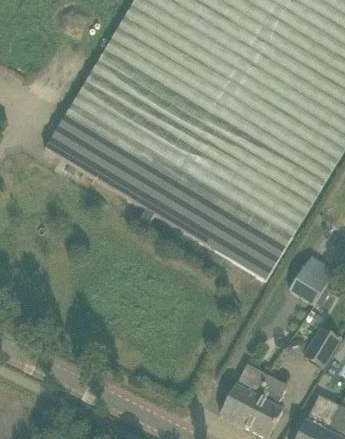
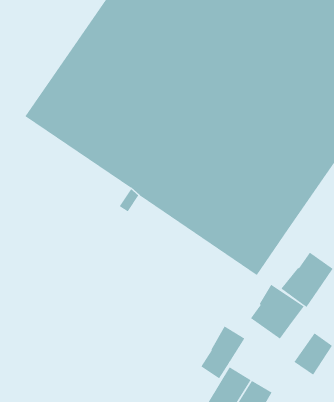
building: none -> [250,284,305,339]
building: none -> [200,325,245,379]

